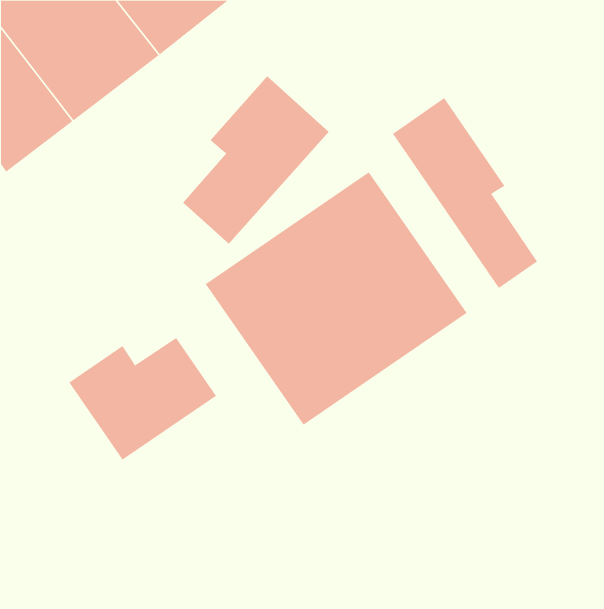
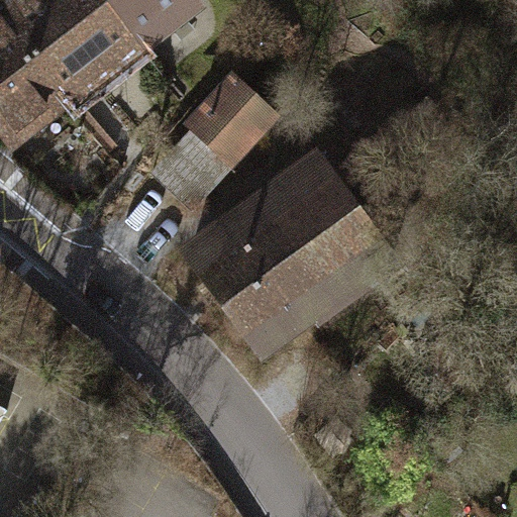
building: [392,97,538,289] -> none
building: [68,337,217,461] -> none

